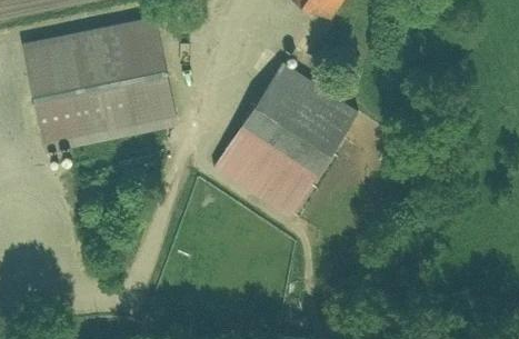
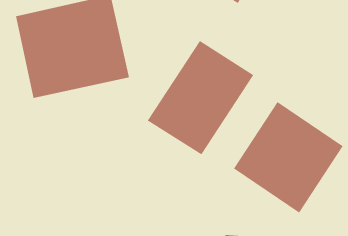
building: none -> [233,101,343,213]

